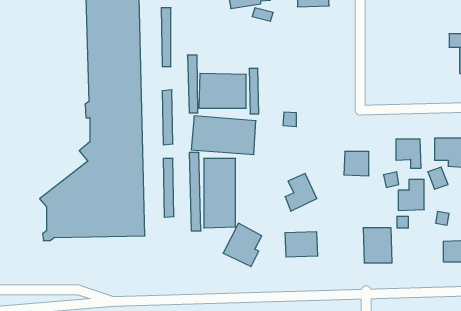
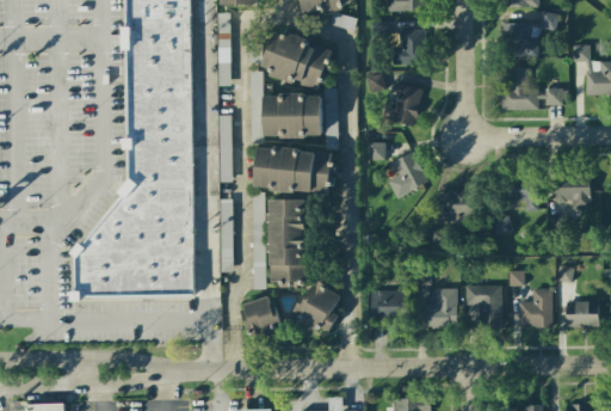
building: none -> [507,13,557,57]
building: none -> [264,30,328,90]
building: none -> [393,30,425,65]
building: none -> [500,68,568,110]
building: none -> [390,84,420,125]
building: [285,174,317,211] -> [388,152,427,198]
building: [398,180,424,210] -> [519,289,551,327]
building: none -> [424,288,457,329]
building: none -> [240,296,280,337]

